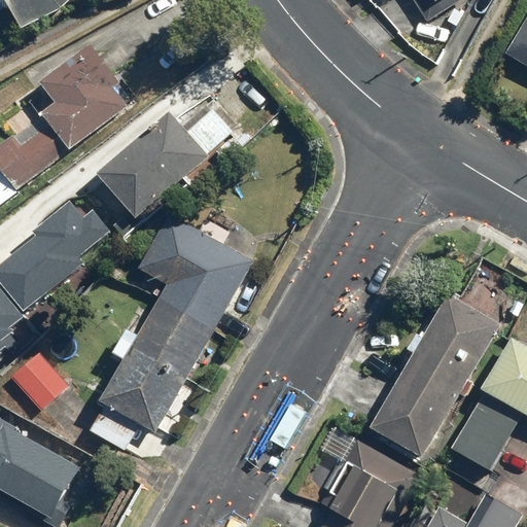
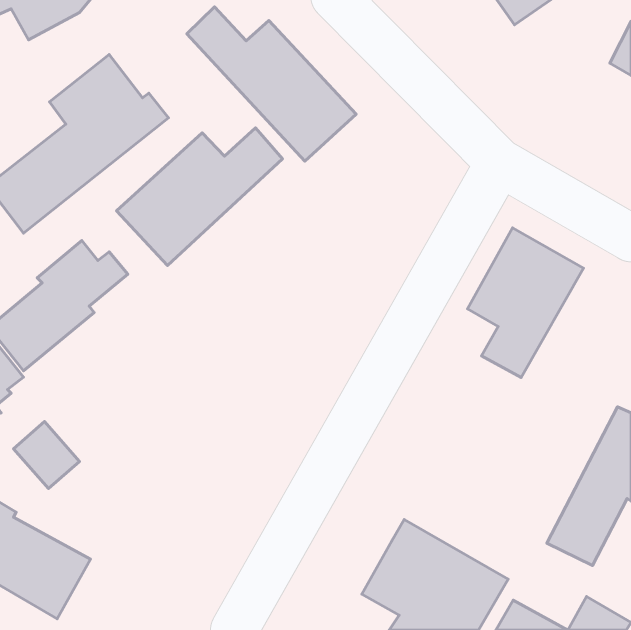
building: none -> [187,7,356,161]
building: none -> [467,228,583,378]
building: [91,211,250,446] -> none
building: [373,296,501,461] -> none

